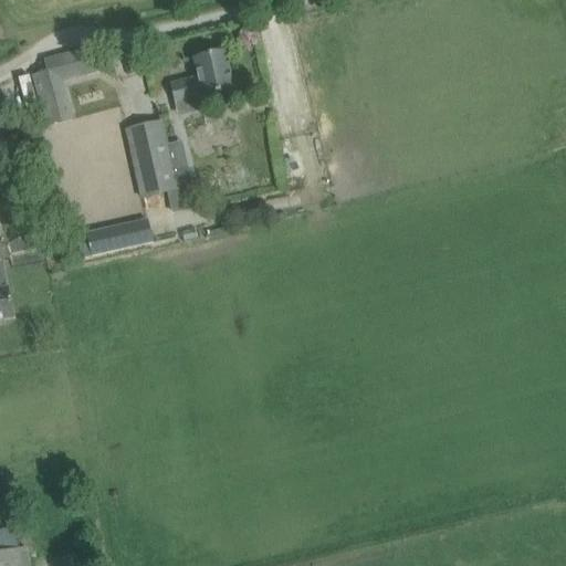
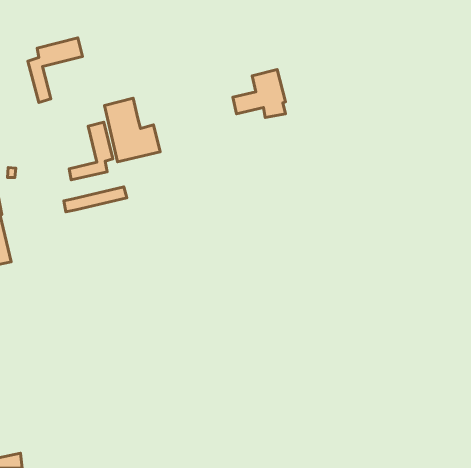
building: [169,46,232,104] -> [233,69,286,118]
building: none -> [69,122,113,180]

